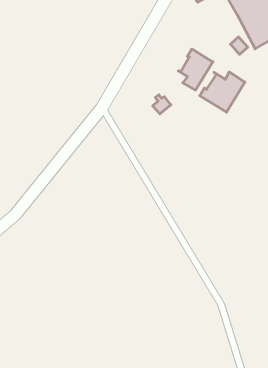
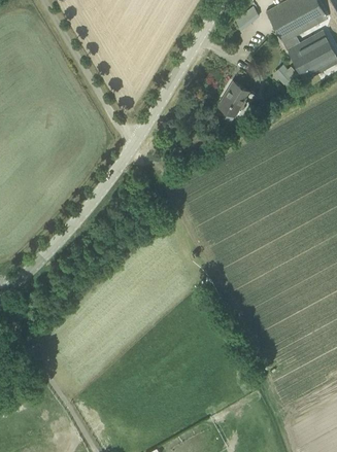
building: [200,72,245,112] -> none

